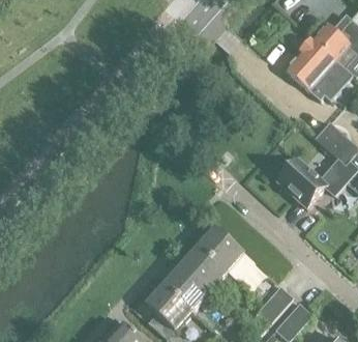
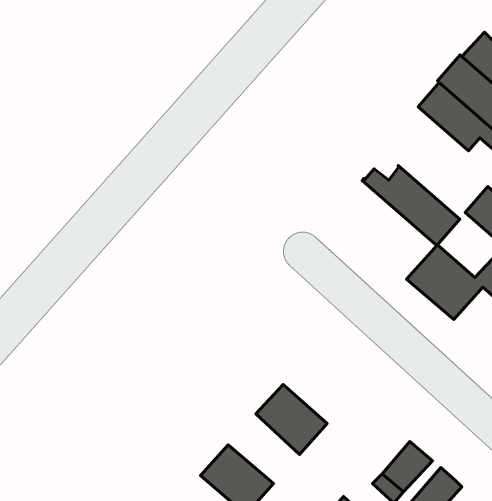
building: none -> [362,165,460,245]
building: [198,228,243,273] -> none
building: [162,266,208,311] -> none

